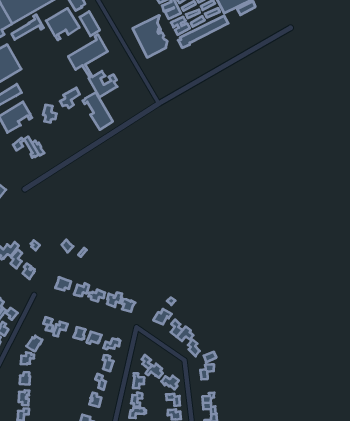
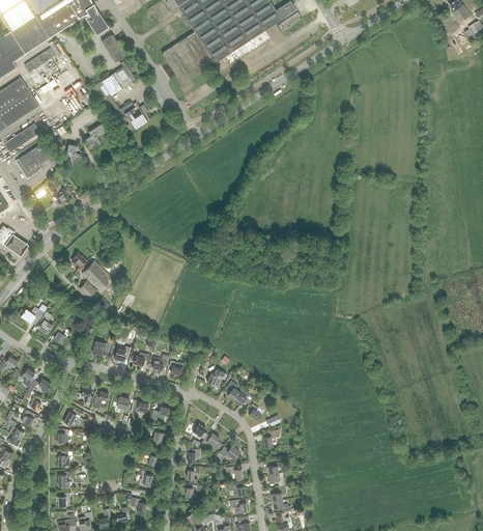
building: [46,8,79,40] -> none
building: [83,92,113,130] -> none
building: none -> [70,253,109,298]

